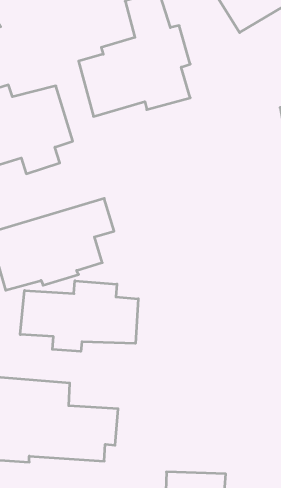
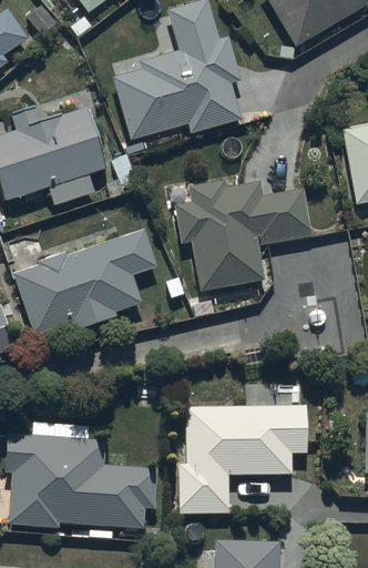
building: none -> [176,181,310,290]
building: [20,281,138,351] -> none
building: none -> [177,406,307,511]

